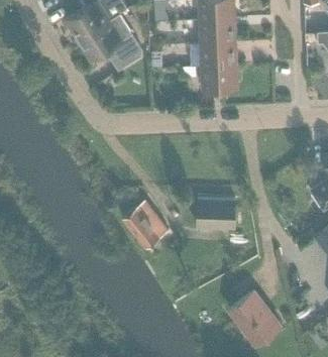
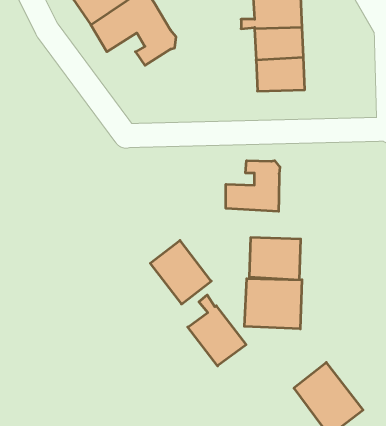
building: none -> [226,161,280,211]
building: none -> [244,279,302,329]
building: none -> [188,295,246,366]

